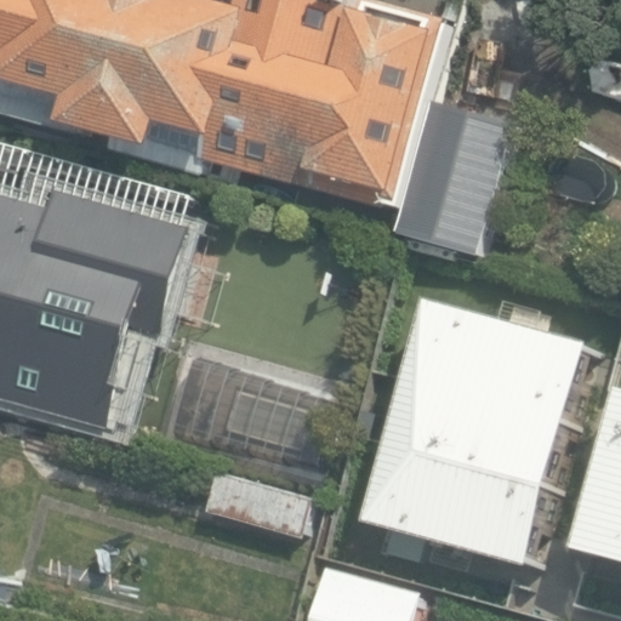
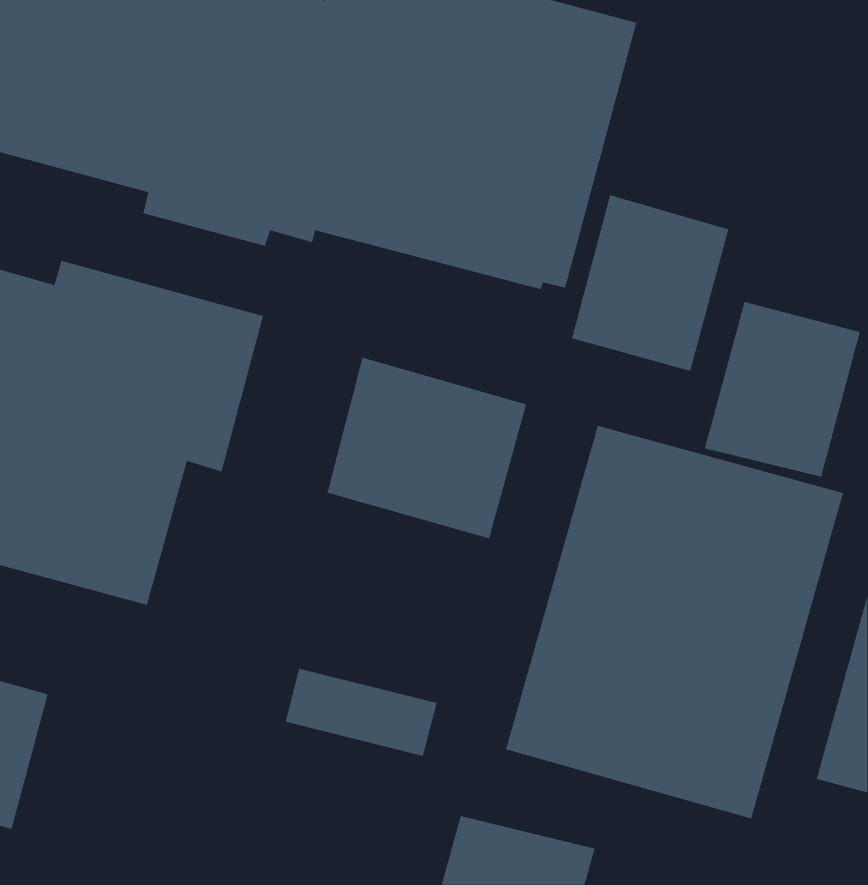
building: none -> [704,301,861,477]
building: none -> [327,357,527,539]

